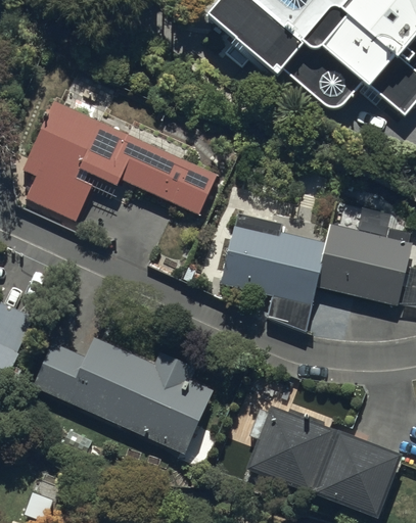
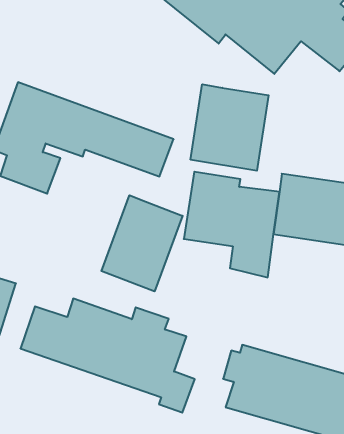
building: none -> [191,84,269,171]
building: none -> [101,195,183,291]

